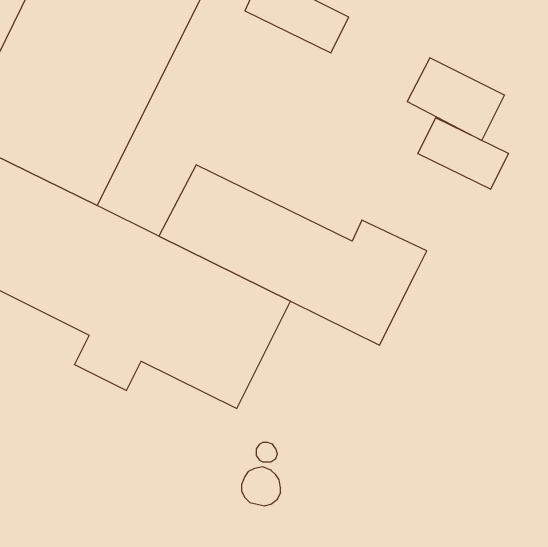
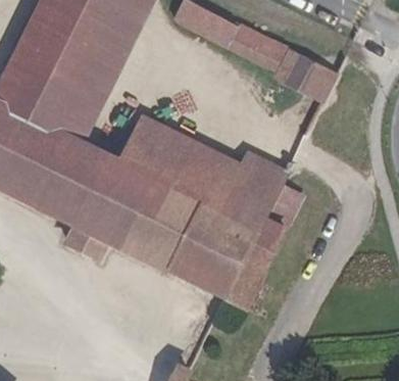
building: [418,118,509,189] -> [228,25,285,69]
building: none -> [168,186,302,308]

